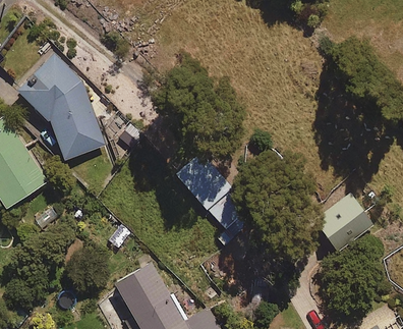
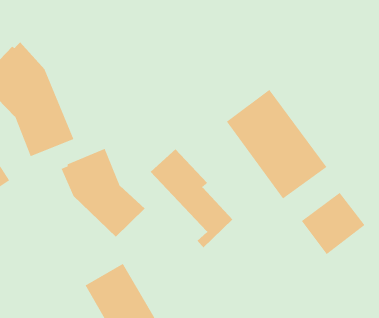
building: none -> [226,89,328,199]
building: none -> [61,148,145,238]

